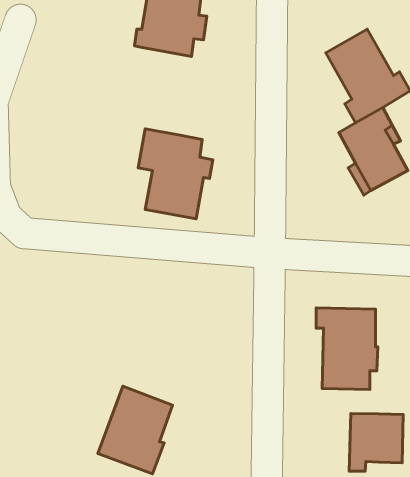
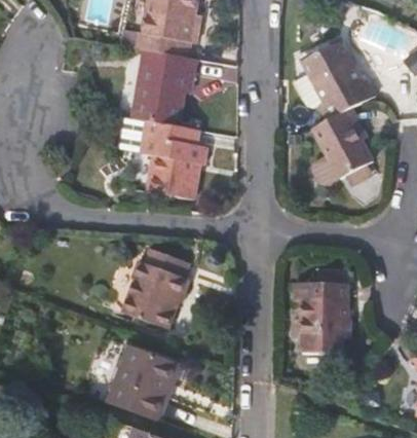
building: none -> [132,52,195,129]
building: none -> [119,247,185,325]
building: [349,413,403,471] -> none

